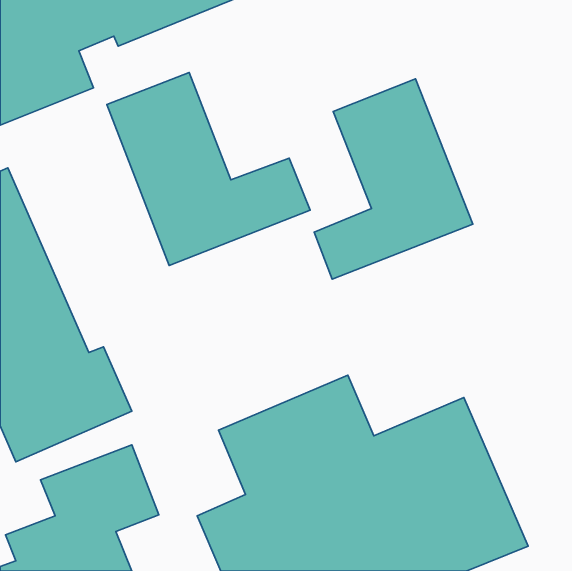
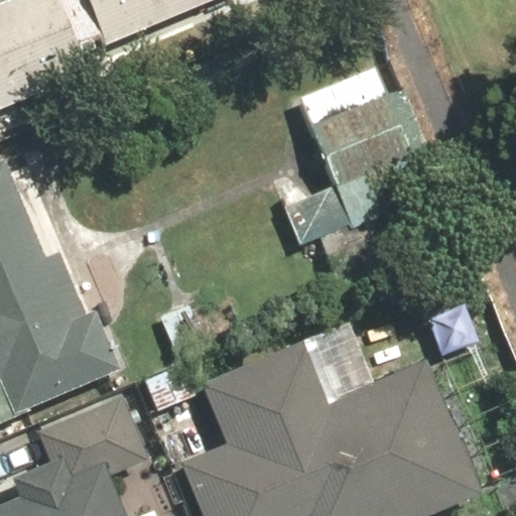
building: [107,72,310,265] -> none

